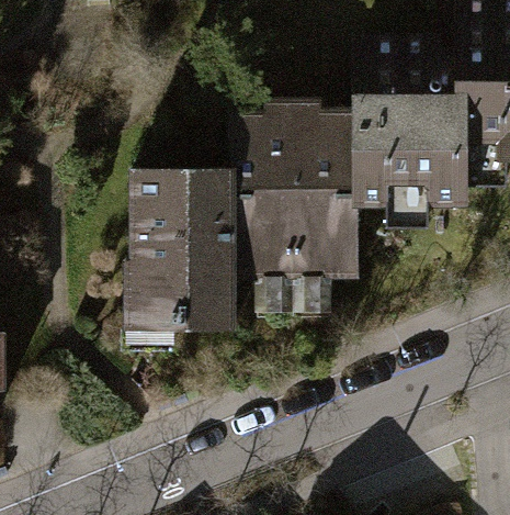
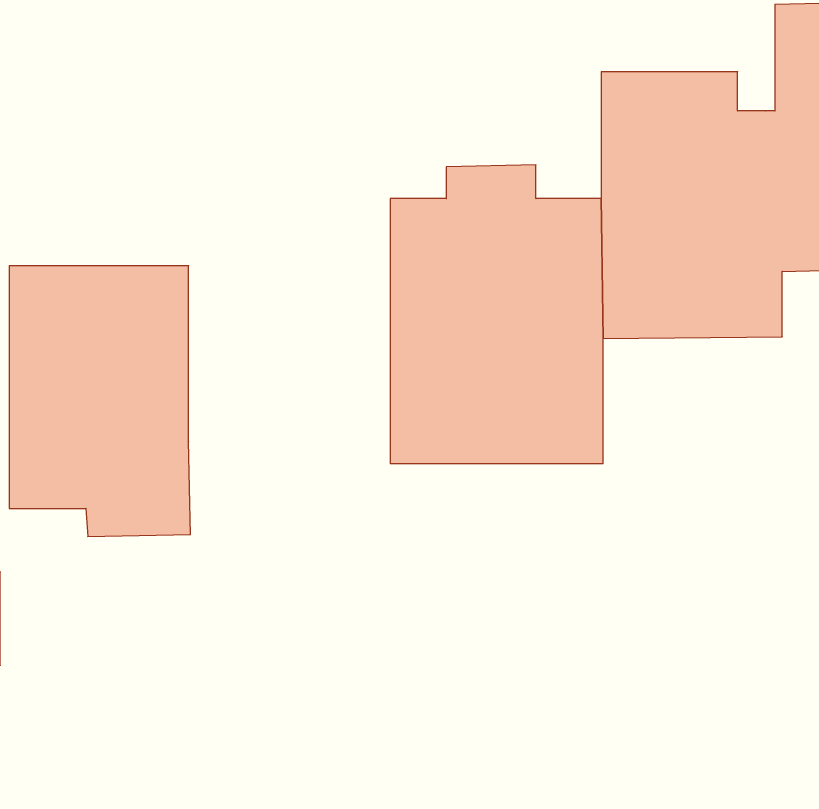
building: [126,176,233,335] -> [9,266,190,536]

